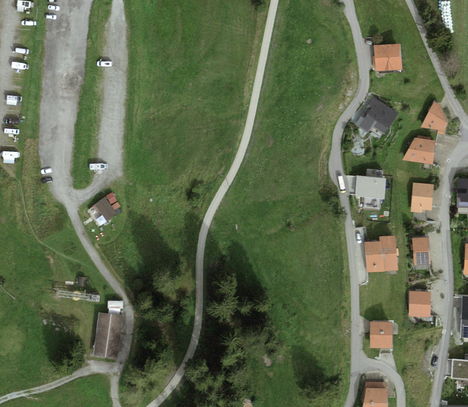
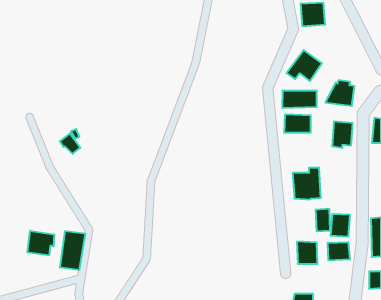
building: [420,101,448,135] -> none
building: none -> [282,90,317,108]
building: [413,238,430,264] -> [316,209,330,231]
building: none -> [27,231,54,255]
building: none -> [328,242,350,260]

